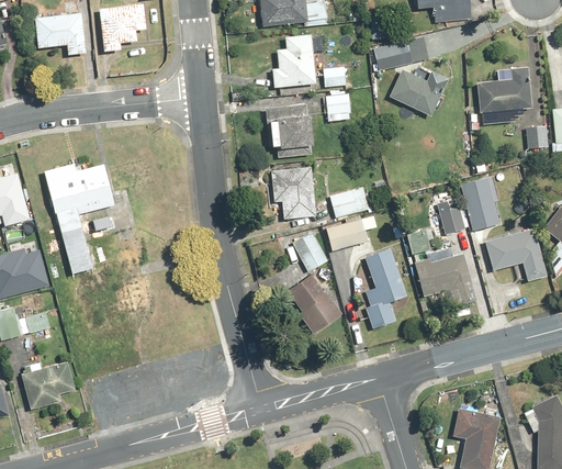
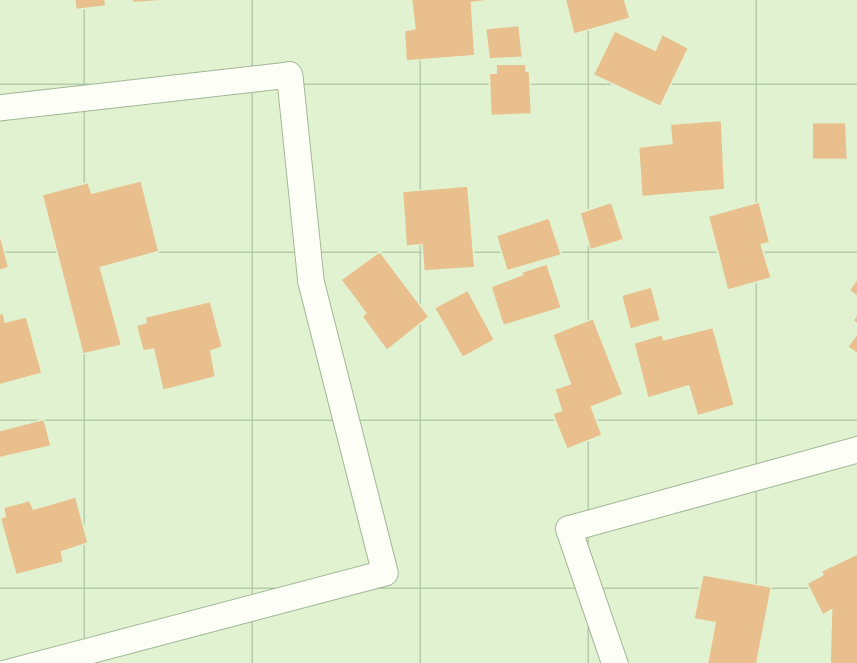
building: [476,66,530,113] -> [638,121,725,197]
building: [266,105,324,158] -> none
building: [438,205,465,235] -> [580,202,624,250]
building: [484,226,547,281] -> none
building: none -> [136,301,223,390]
building: [286,273,341,335] -> [341,251,429,350]

